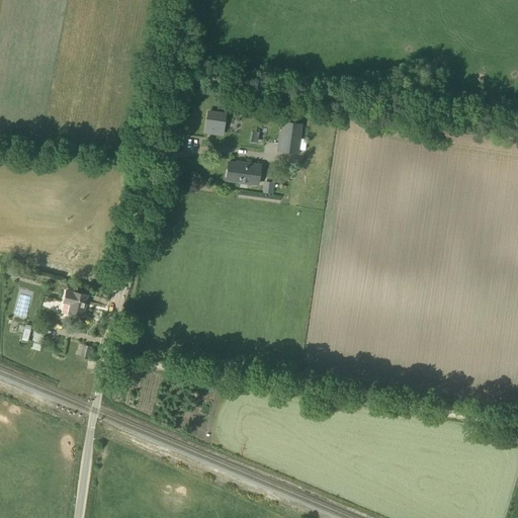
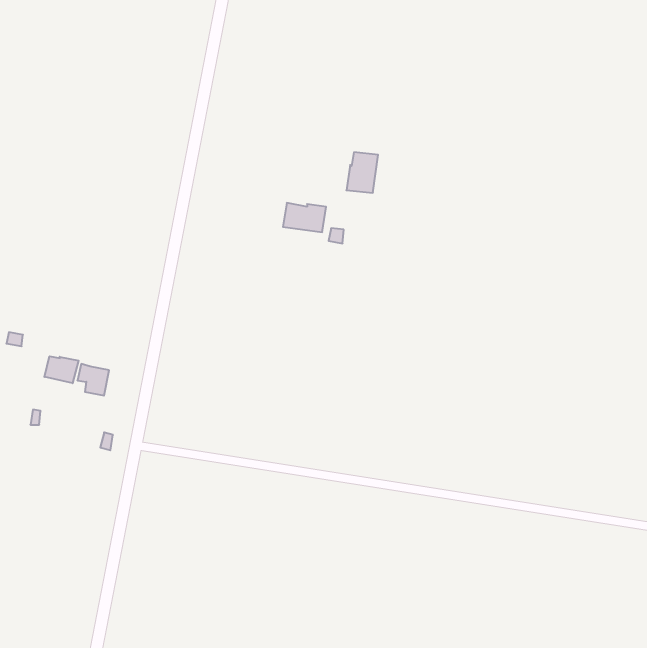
building: [204,110,227,137] -> none
building: none -> [44,356,79,383]

